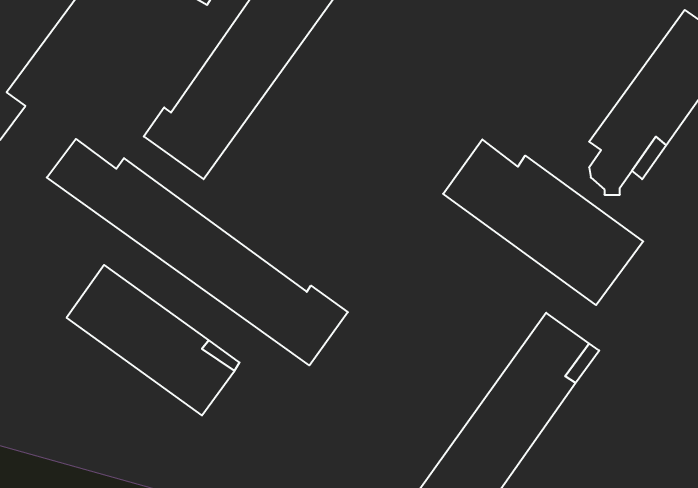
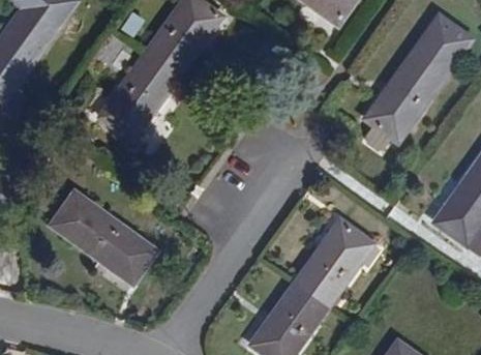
building: [47,139,348,365] -> none
building: [443,139,643,305] -> none

